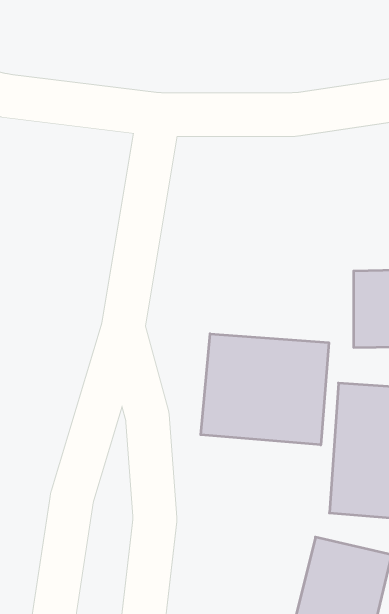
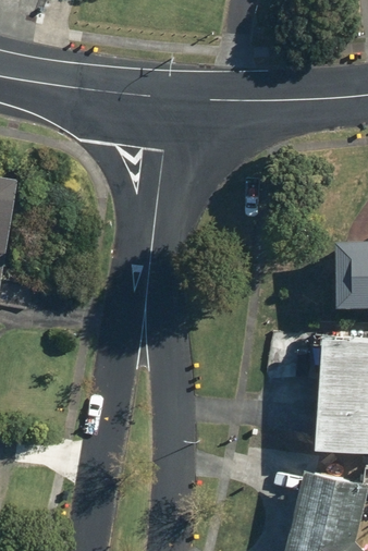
building: [201,334,329,445] -> none

